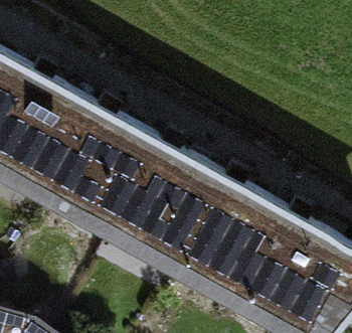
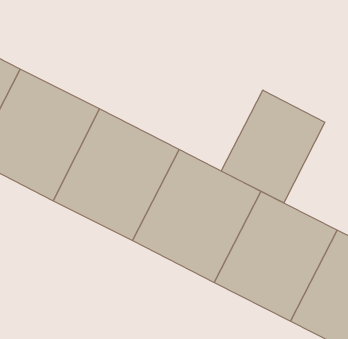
building: none -> [221,90,325,203]

